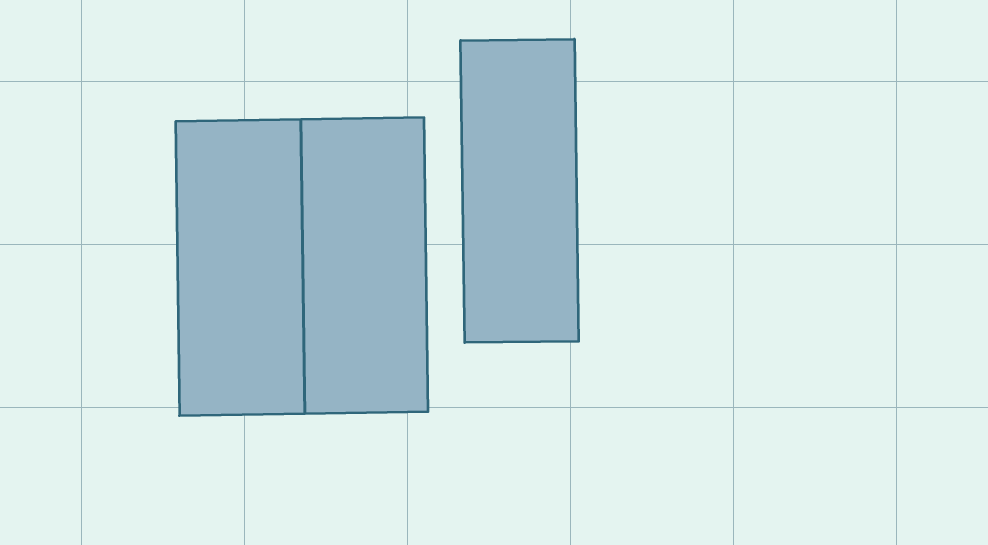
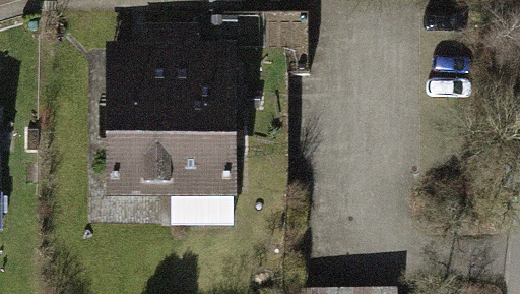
building: [461,39,579,343] -> none

